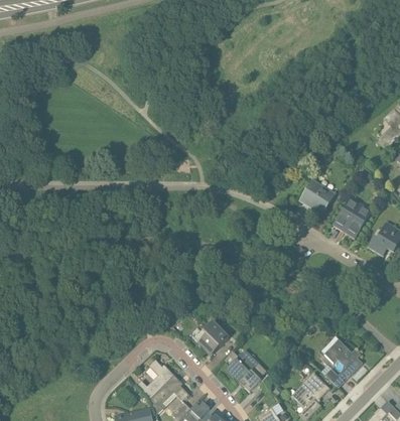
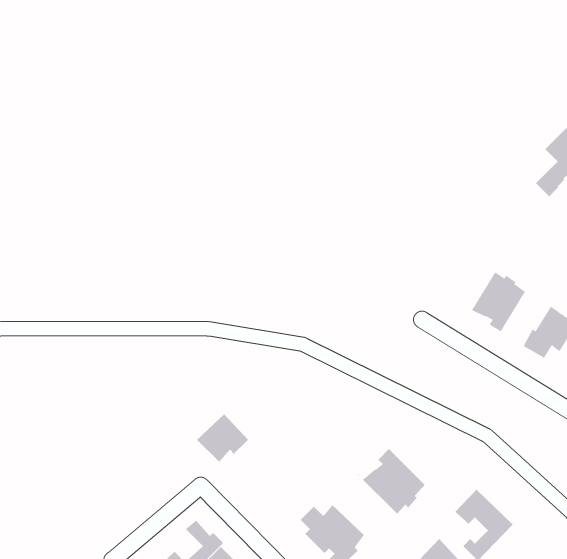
building: [301,180,336,215] -> none
building: none -> [356,448,425,515]
building: [195,320,230,353] -> [196,413,249,463]

